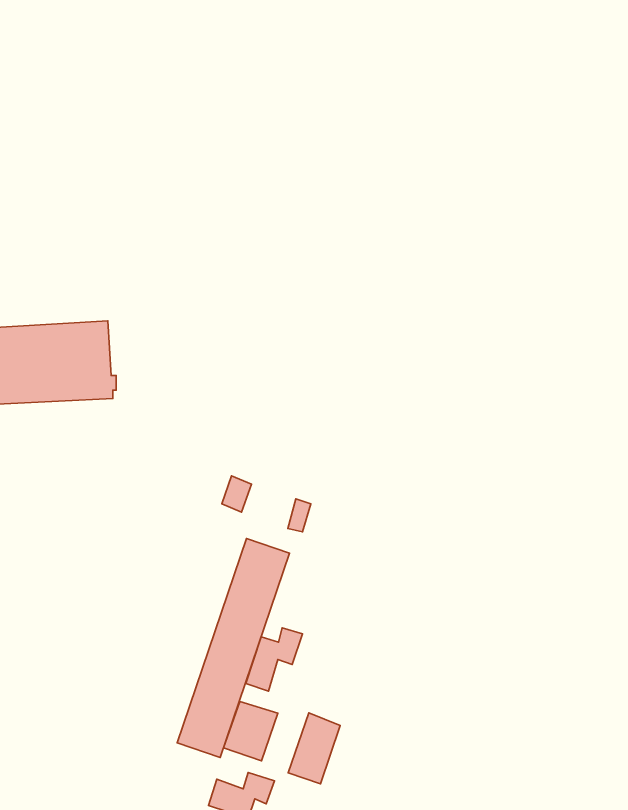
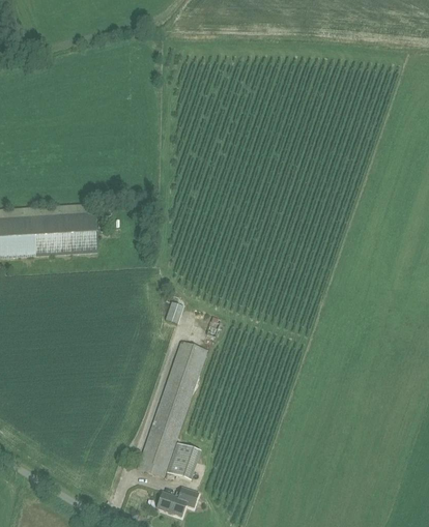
building: [246,628,303,691] -> none
building: [288,713,340,784] -> none

